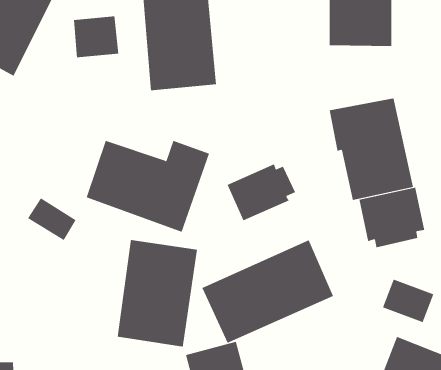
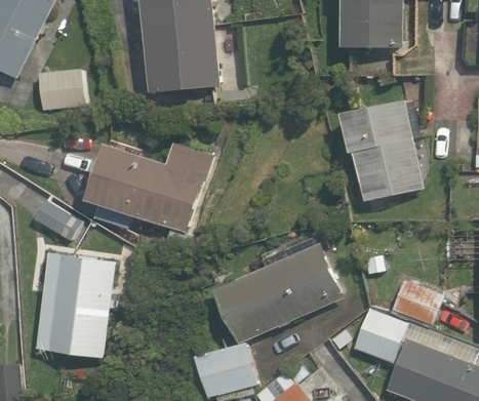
building: [73,16,119,58] -> [43,68,89,110]
building: [227,163,296,221] -> none
building: [359,187,425,248] -> none
building: [117,239,198,347] -> [41,250,122,358]
building: none -> [352,309,407,363]

